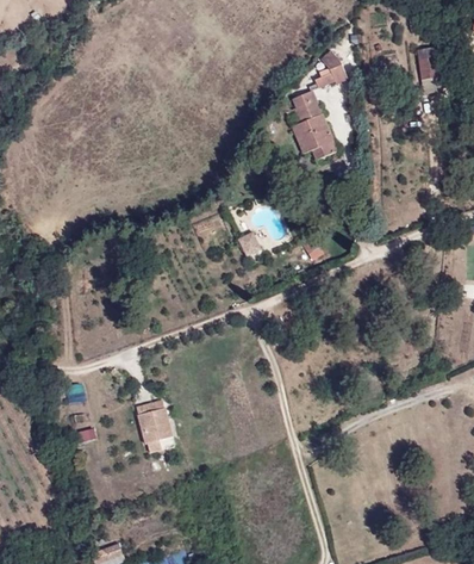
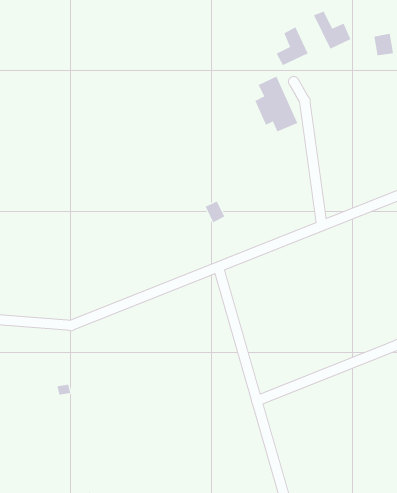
building: none -> [313,11,351,50]
building: [135,398,170,442] -> none

